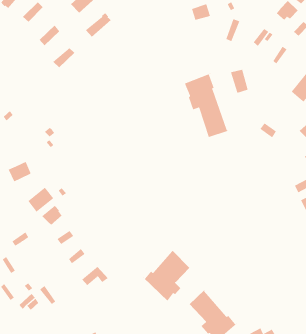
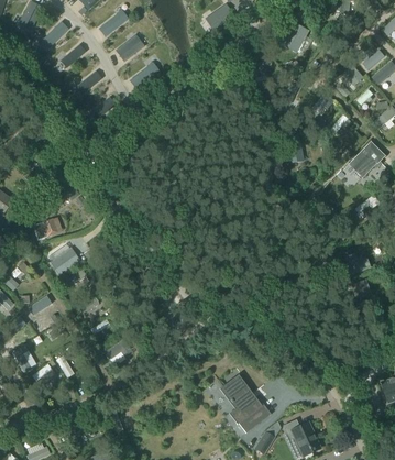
building: [184,73,228,138] -> none
building: [143,250,190,301] -> none

